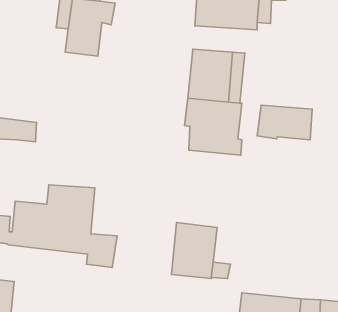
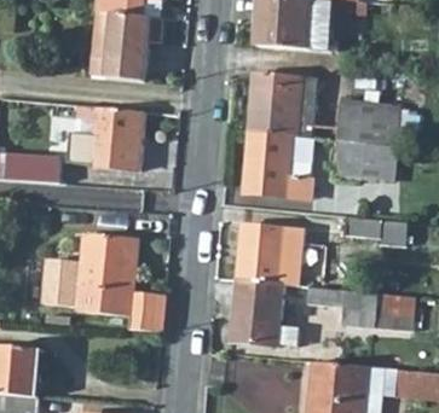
building: none -> [335,98,399,145]
building: none -> [76,106,144,170]
building: none -> [343,215,405,246]
building: none -> [235,223,304,285]
building: none -> [307,285,414,332]

